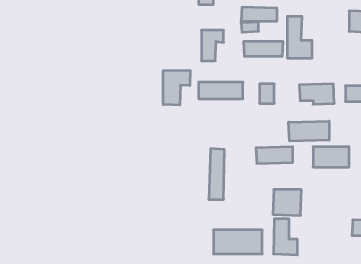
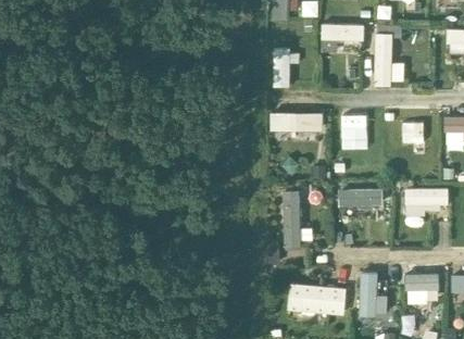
building: [244,41,283,56] -> none
building: [163,70,190,105] -> none
building: [289,121,329,141] -> none
building: [273,190,301,215] -> [405,274,439,304]

